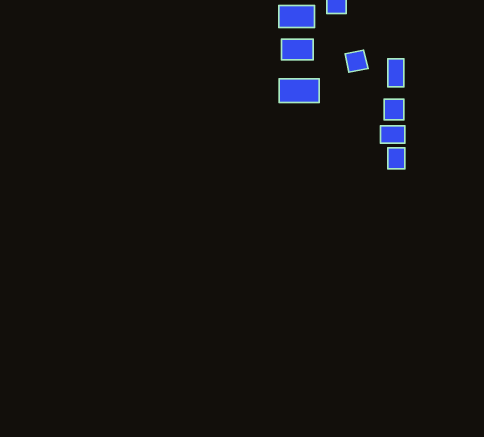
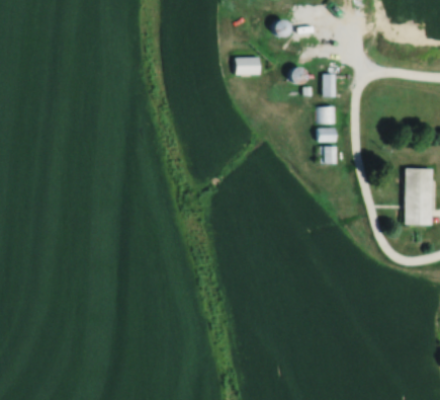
building: [279,6,314,28] -> none
building: [279,79,319,103] -> none

